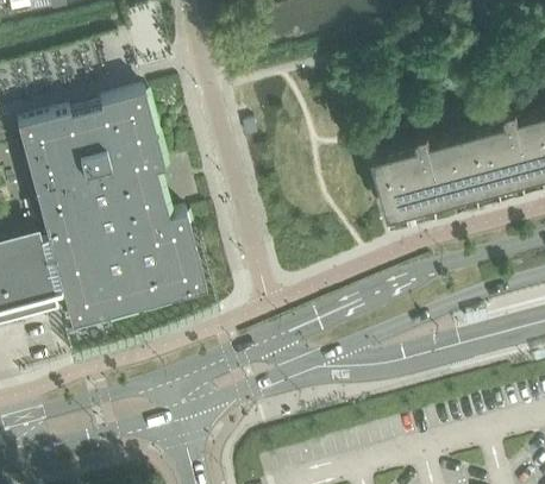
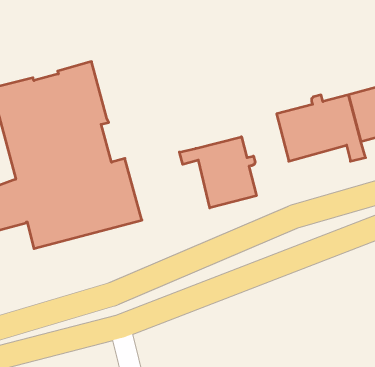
building: none -> [179,137,256,208]

